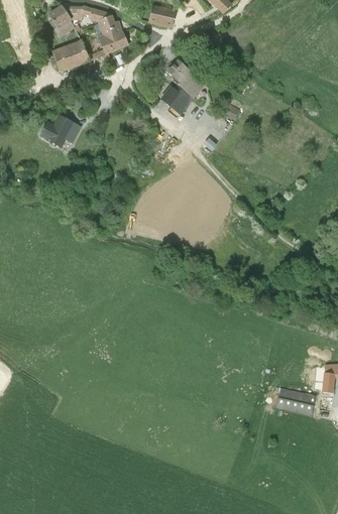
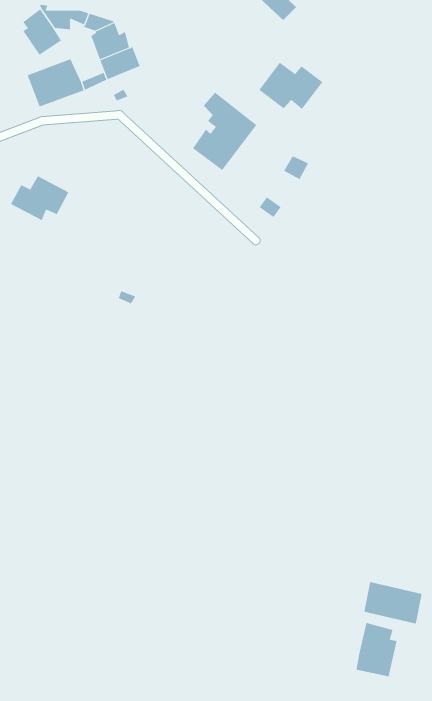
building: [148,5,176,27] -> none
building: none -> [258,62,323,110]
building: none -> [356,622,397,677]

